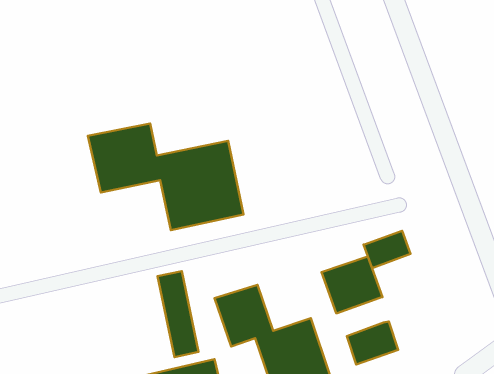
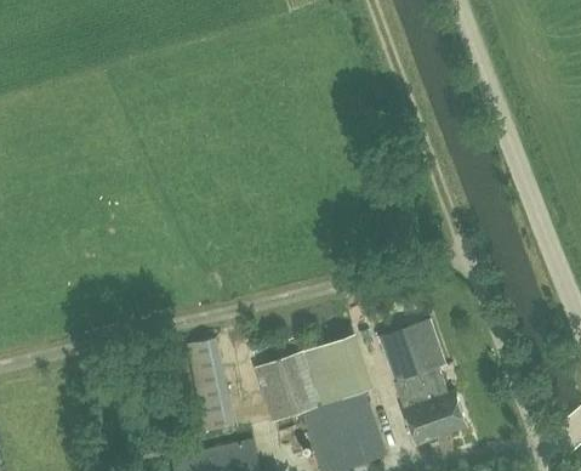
building: [88,124,244,230] -> none
building: [363,231,411,268] -> [394,368,449,410]
building: none -> [303,335,368,404]

